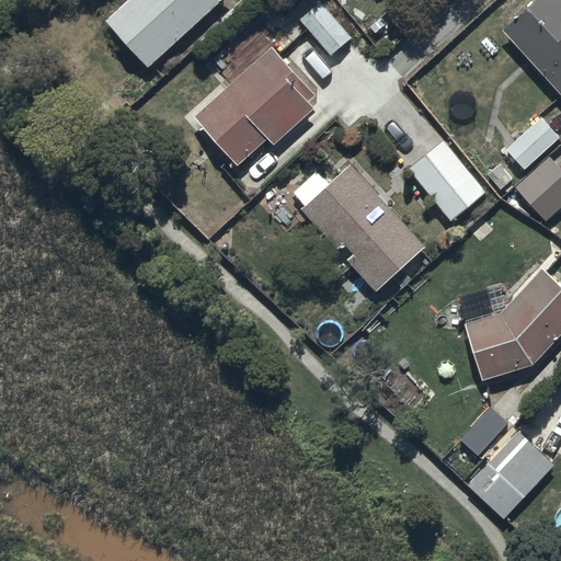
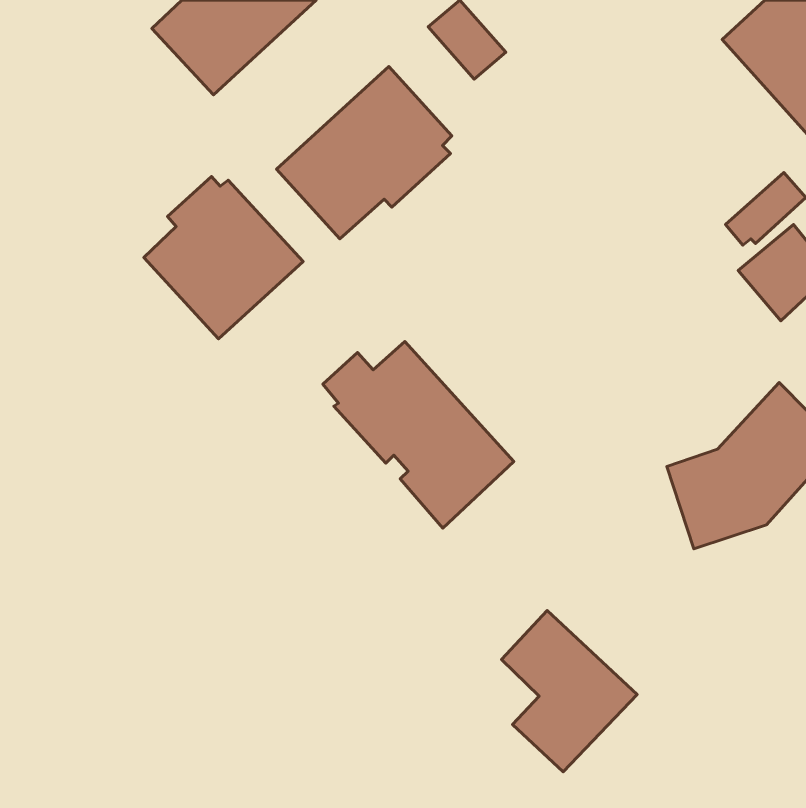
building: none -> [144,176,303,339]
building: [408,140,485,220] -> none
building: [293,162,425,291] -> [323,341,514,528]
building: [460,405,554,517] -> [501,611,637,772]

